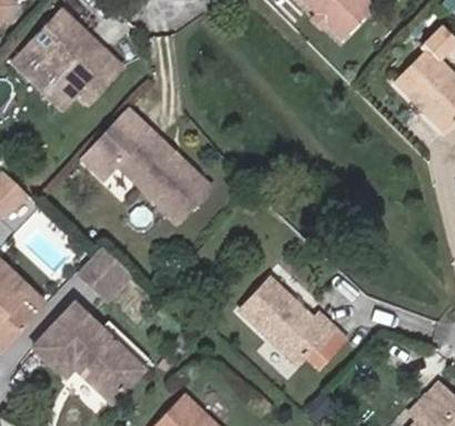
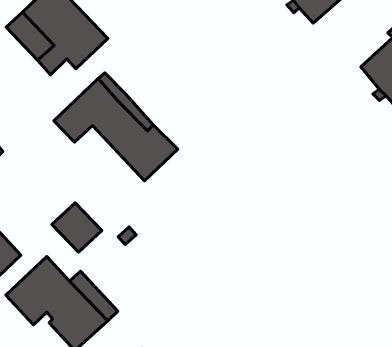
building: [243,278,344,368] -> none

